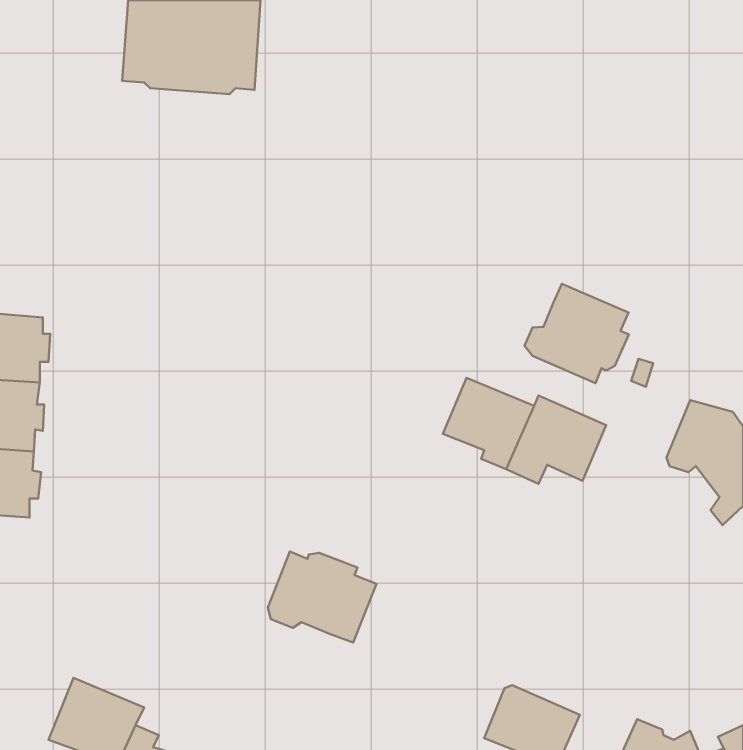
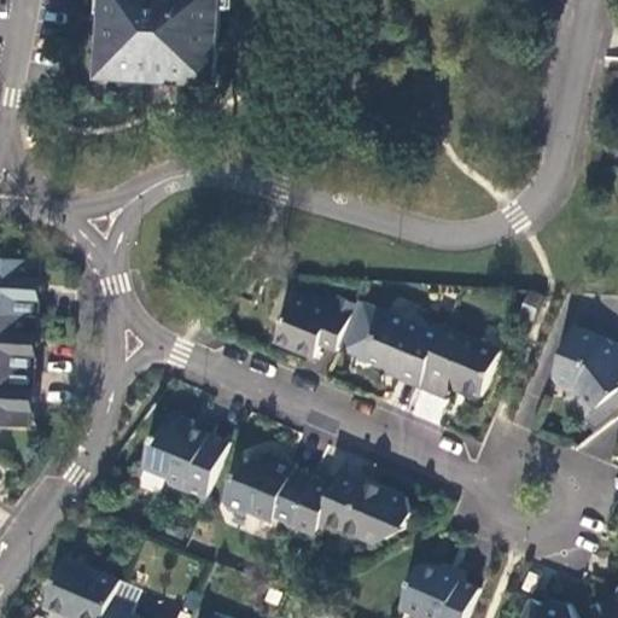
building: [525,284,629,383] -> none
building: none -> [273,296,352,358]
building: none -> [139,407,229,501]
building: none -> [290,471,410,541]

